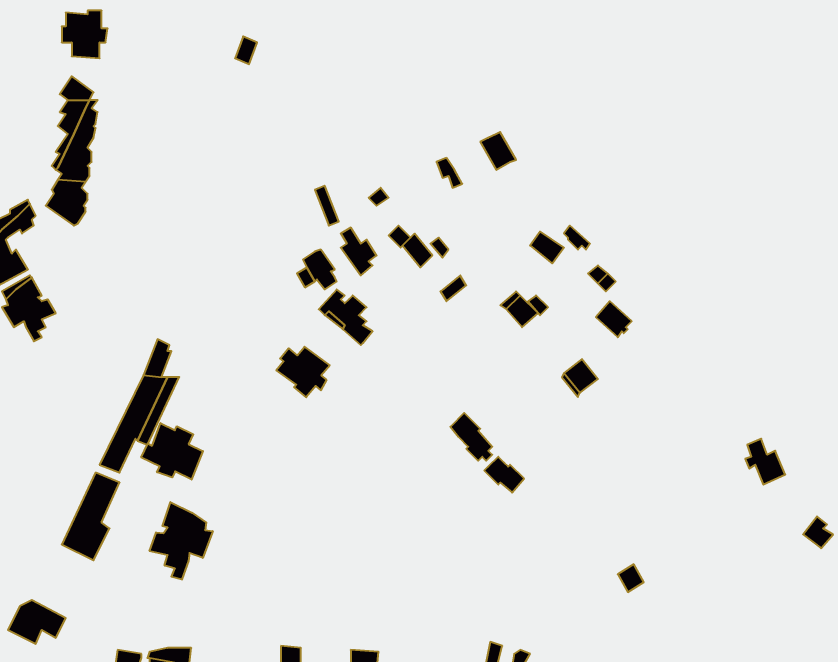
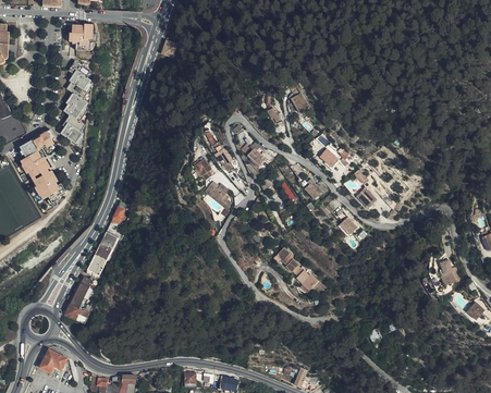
building: [276,347,330,397] -> none
building: [141,423,203,480] -> none
building: [150,502,213,580] -> none

